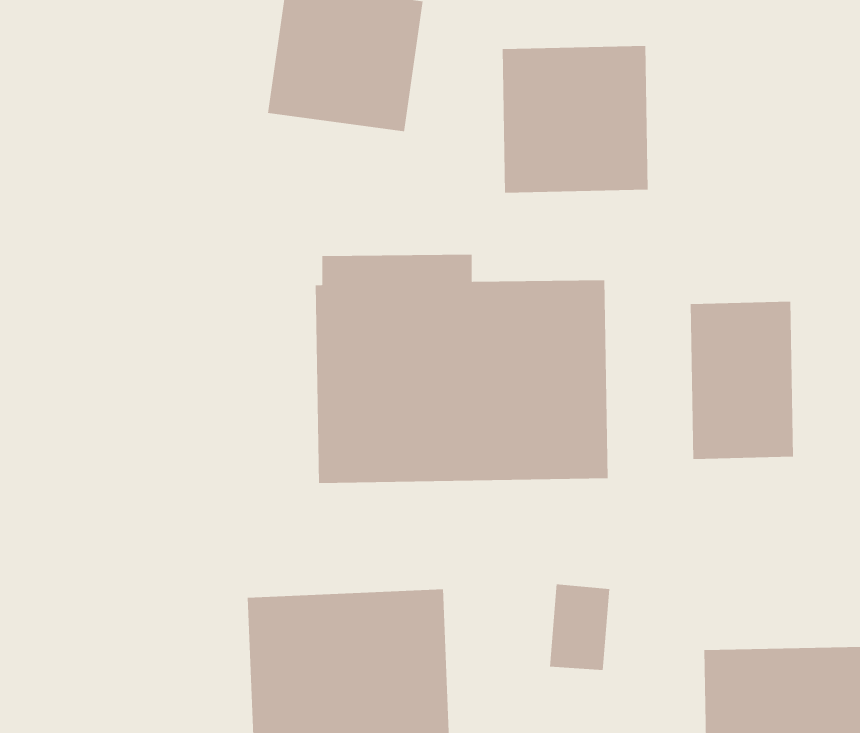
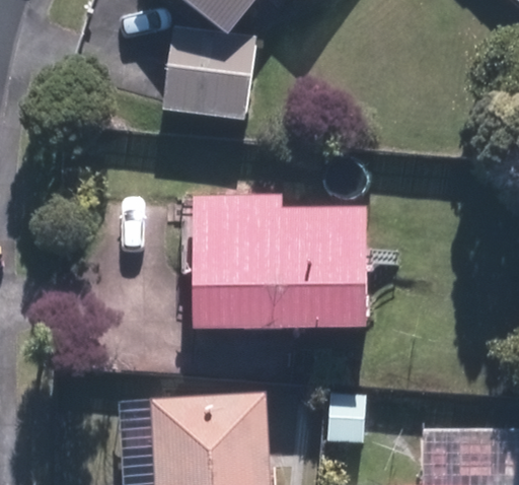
building: [502,45,648,193] -> none
building: [690,301,794,460] -> none

